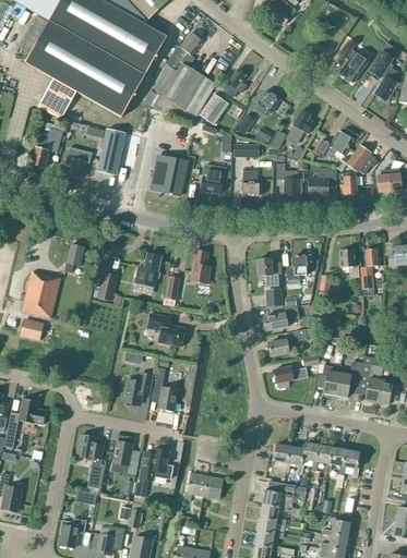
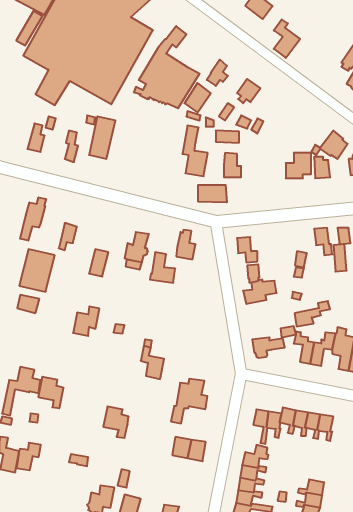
building: [339,40,368,82] -> [274,19,300,58]
building: [286,109,314,144] -> none
building: [314,131,352,157] -> none
building: [151,155,188,195] -> none
building: [276,163,300,195] -> none
building: none -> [198,185,227,202]
building: none -> [20,197,46,241]
building: [286,255,308,284] -> none
building: [147,313,184,347] -> none
building: [268,329,307,356] -> [295,301,330,326]
building: [123,373,152,404] -> [73,306,99,336]
building: [76,434,104,468] -> [38,377,64,408]
building: [134,448,173,496] -> [171,379,207,423]
building: [60,518,86,547] -> [17,443,41,470]

